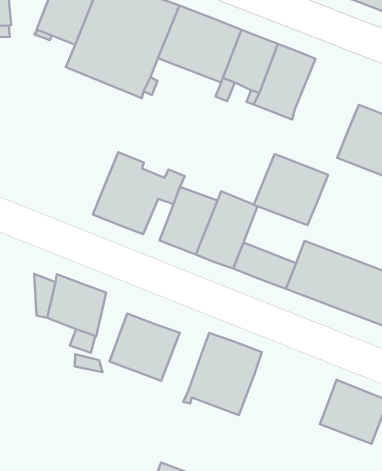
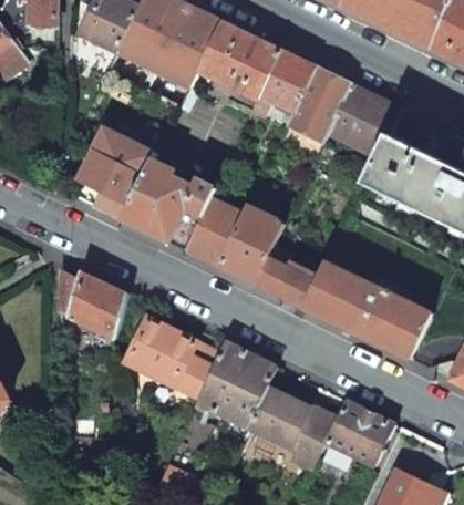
building: none -> [76,127,153,205]
building: [254,154,328,225] -> [326,84,401,156]
building: none -> [173,343,218,399]
building: none -> [246,388,336,467]

